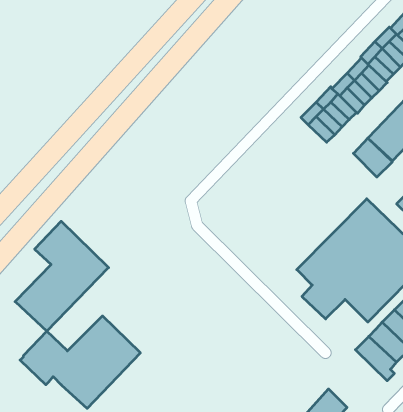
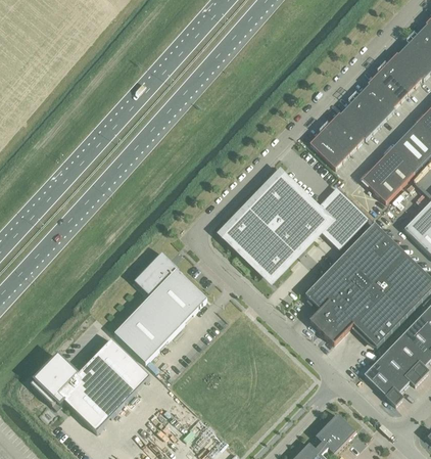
building: none -> [224,171,370,278]
building: [15,221,109,331] -> [114,253,207,362]

